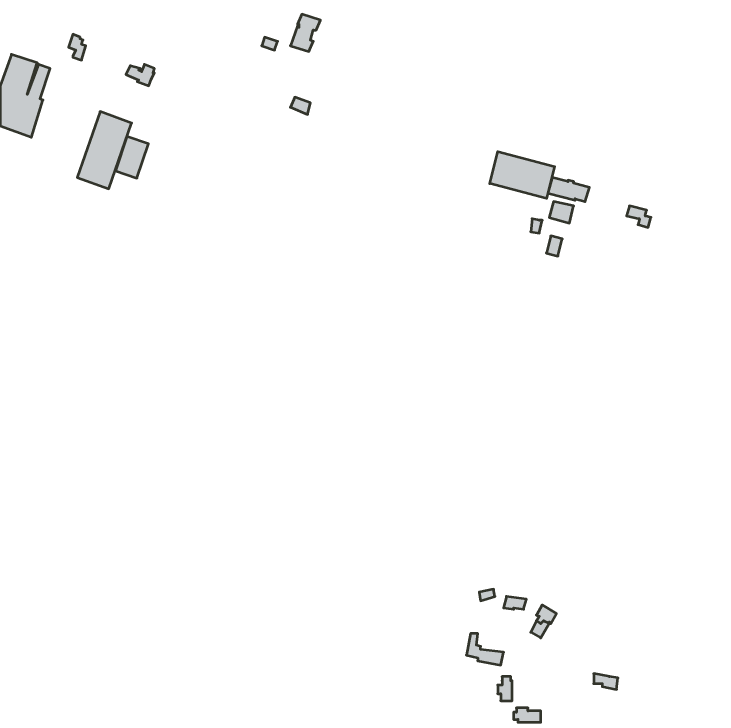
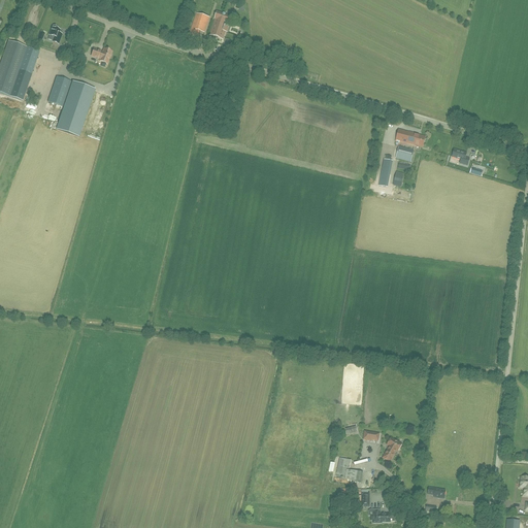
building: [115,137,148,178] -> [47,75,71,105]
building: [490,152,555,198] -> none

